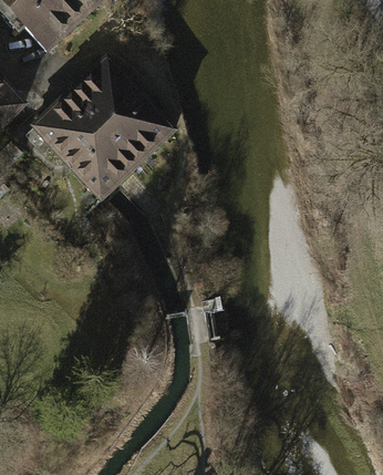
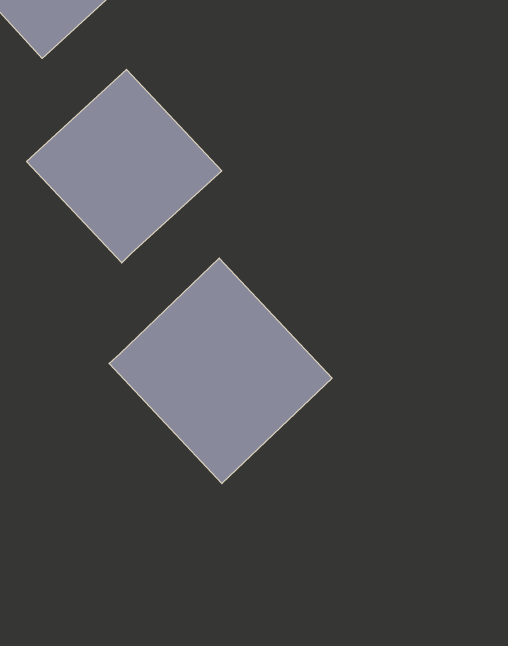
building: none -> [109,258,332,484]

